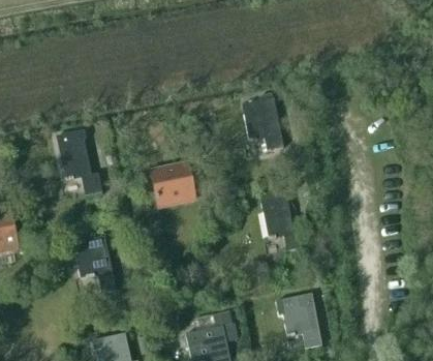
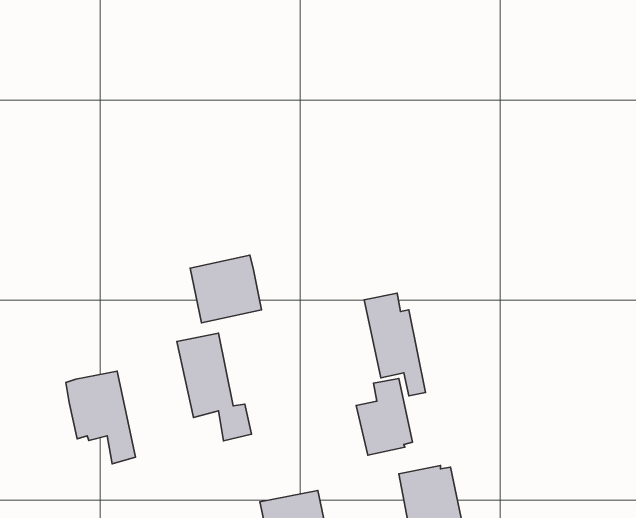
building: [242,99,283,151] -> none
building: [56,129,102,197] -> [177,333,252,441]
building: none -> [356,378,412,455]

